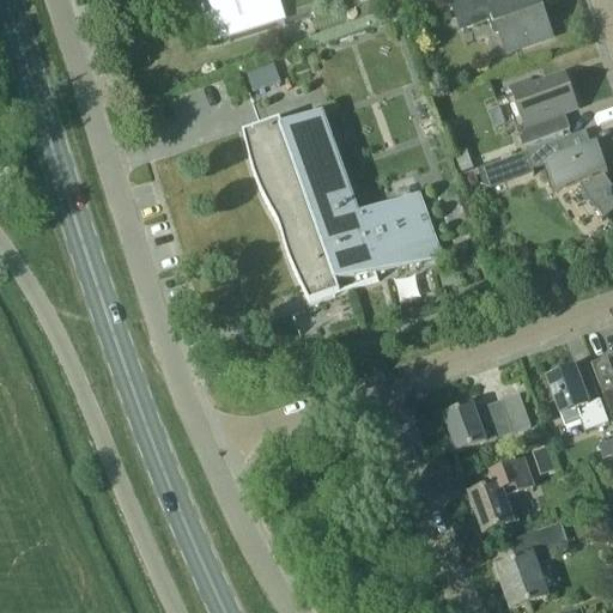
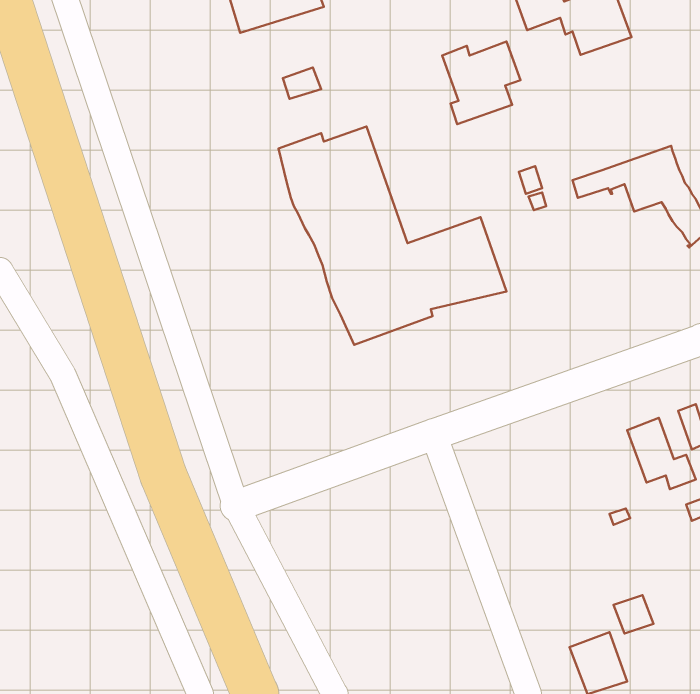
building: [510,69,578,141] -> [442,42,520,124]
building: [445,392,532,448] -> none
building: [472,457,533,529] -> none

